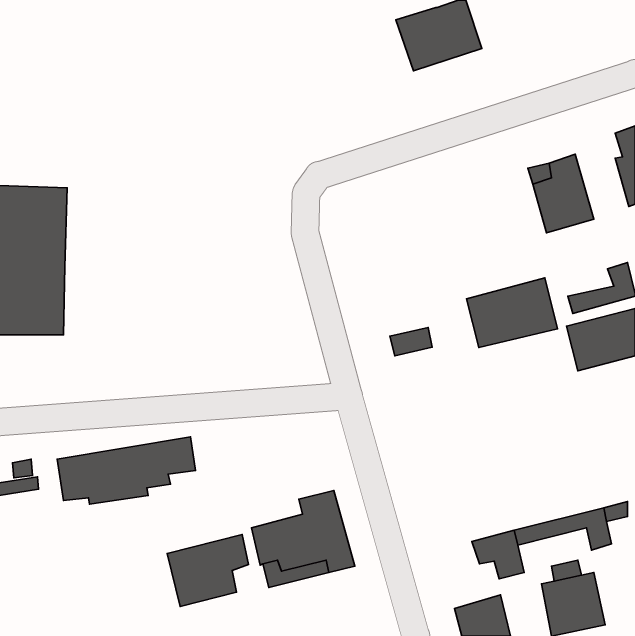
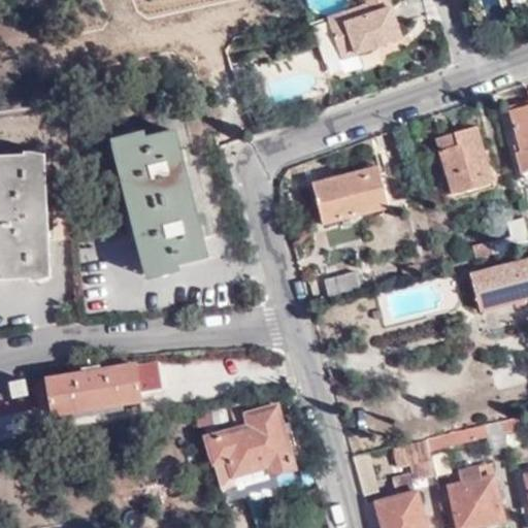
building: none -> [112,130,205,271]
building: [466,278,557,347] -> [310,164,386,222]
building: [167,535,248,606] -> none

